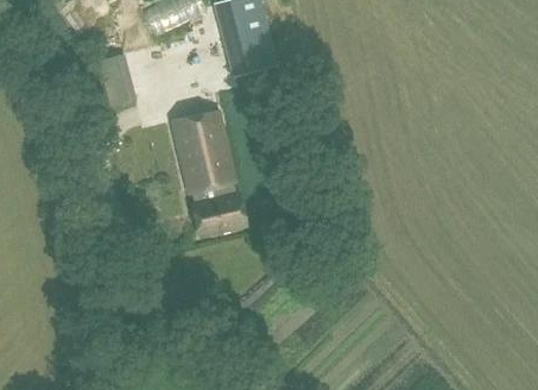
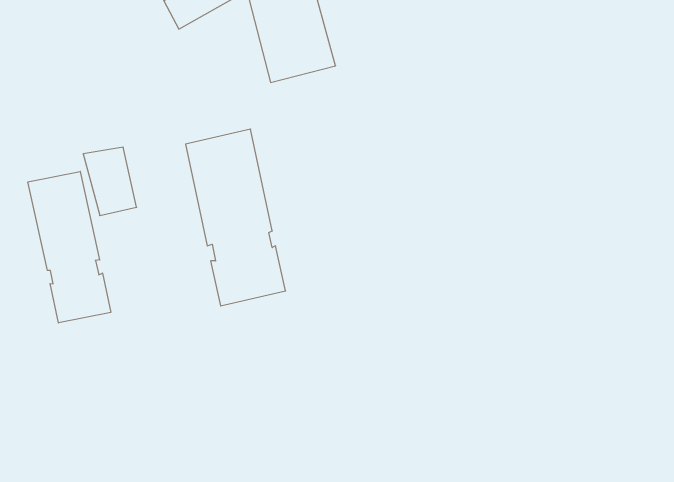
building: [96,55,134,103] -> [83,147,137,216]
building: none -> [28,171,111,323]

